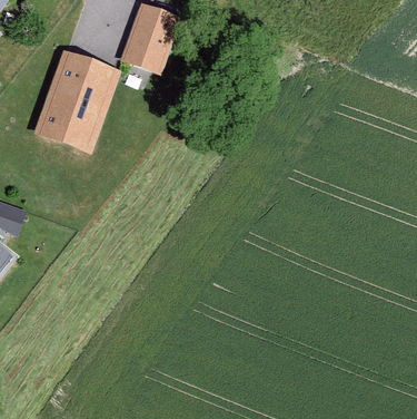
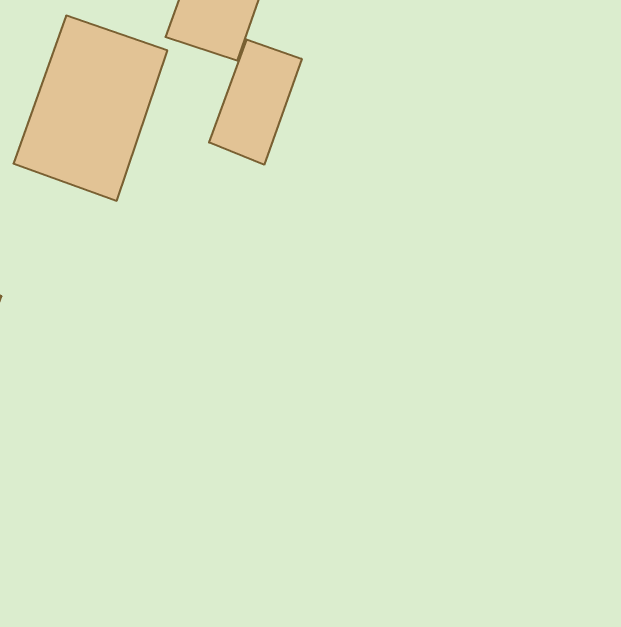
building: none -> [209,39,302,165]

